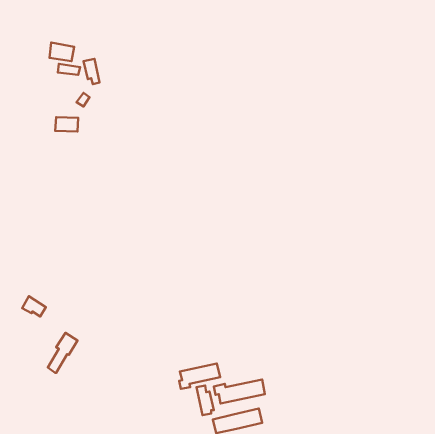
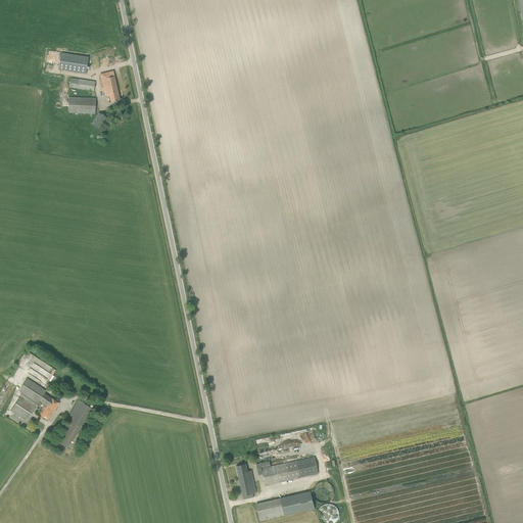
building: [55,117,78,132] -> [68,96,96,113]
building: none -> [10,378,59,420]
building: [179,364,220,389] -> none

